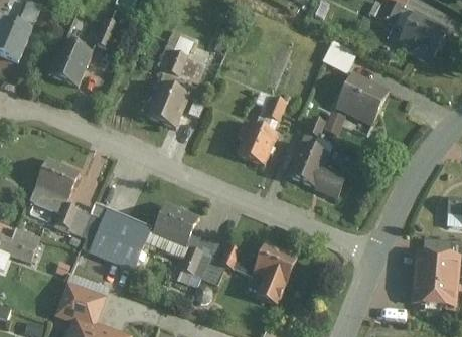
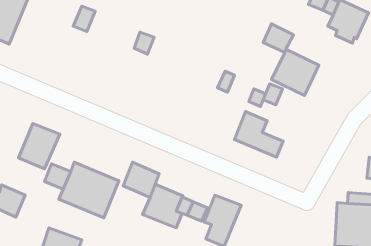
building: [51,39,95,87] -> none
building: [144,81,190,129] -> none
building: [239,124,277,163] -> none

